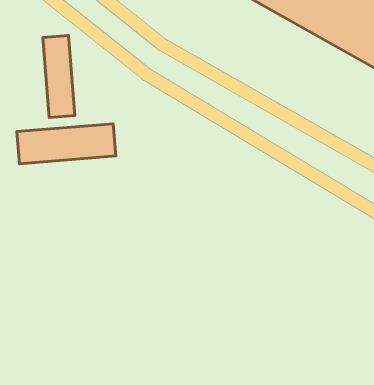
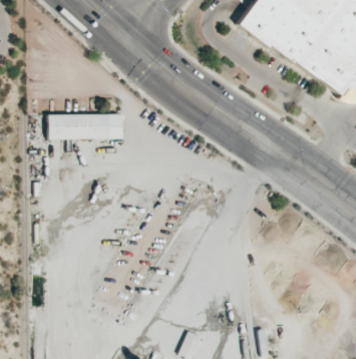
building: [43,35,75,117] -> none

